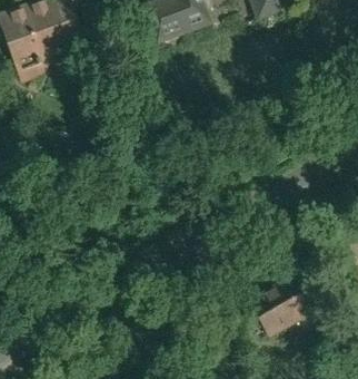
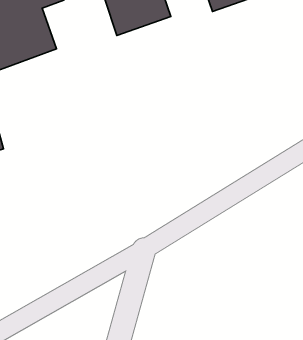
building: [256,291,316,348] -> none

